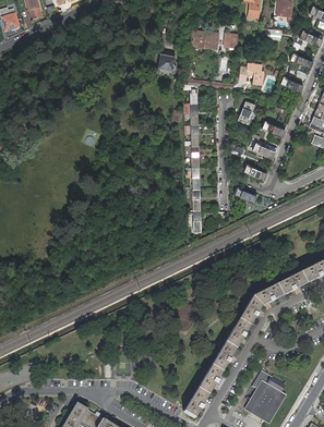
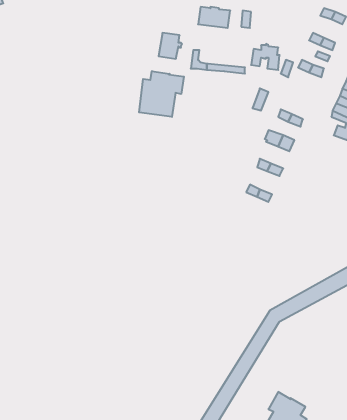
building: none -> [139,71,184,117]

